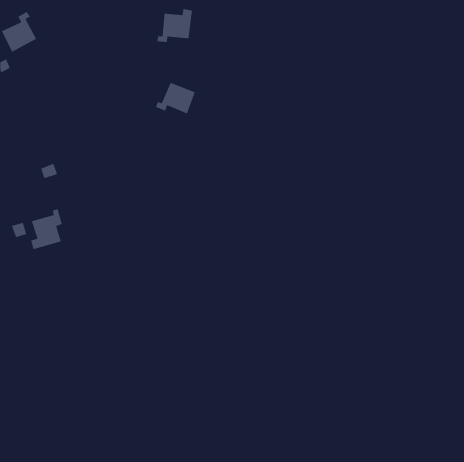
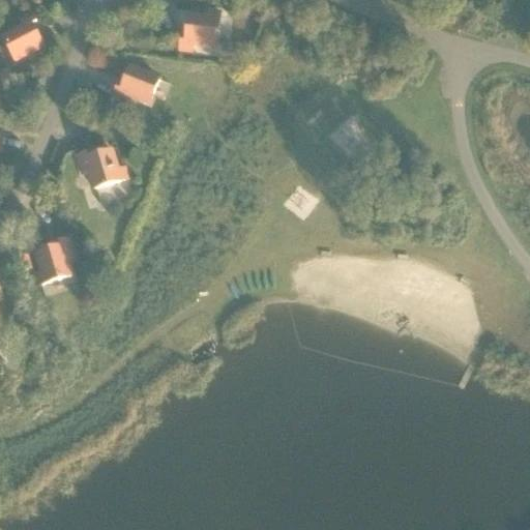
building: [155,82,196,114] -> [112,65,158,102]
building: none -> [77,149,126,187]

